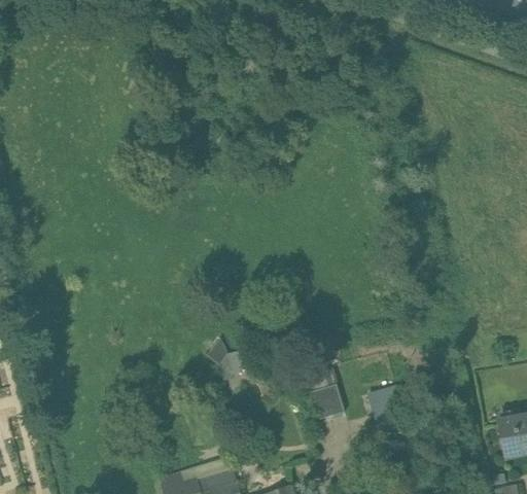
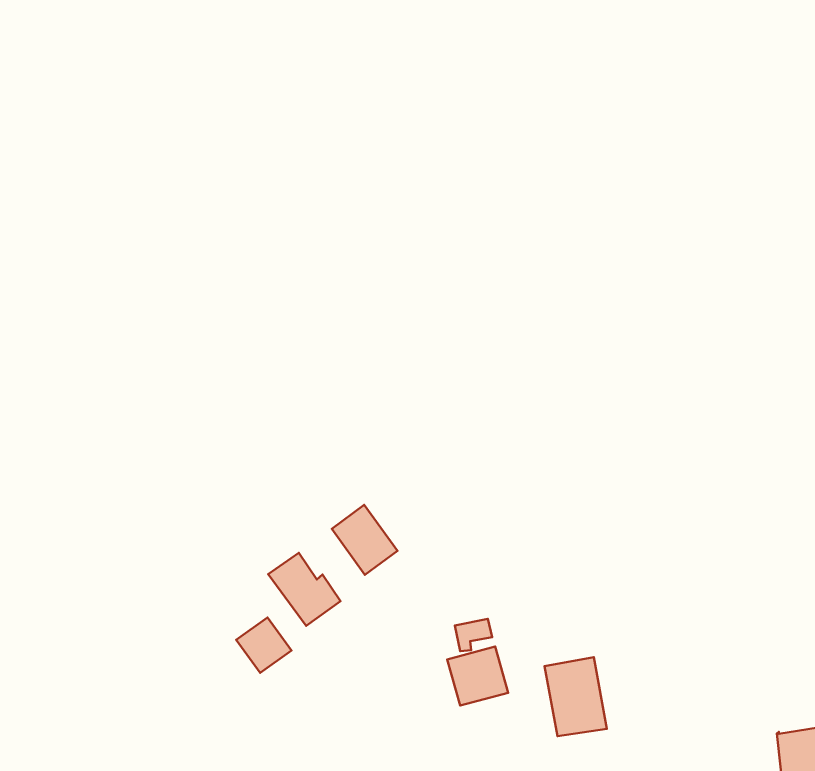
building: none -> [332,505,397,575]
building: none -> [236,617,292,673]

